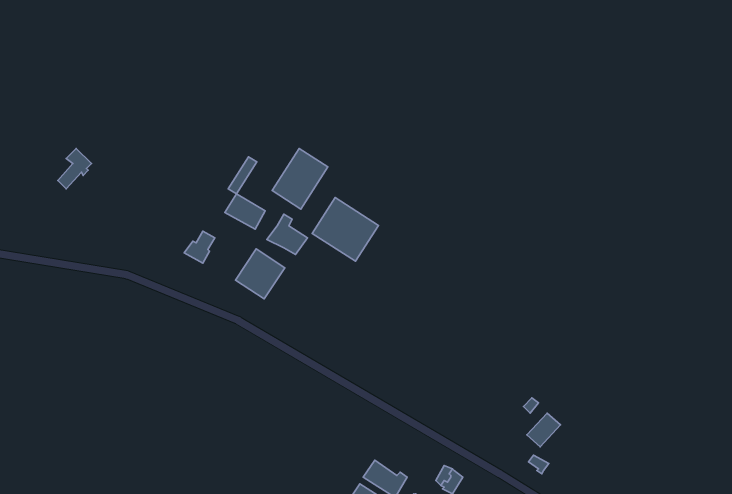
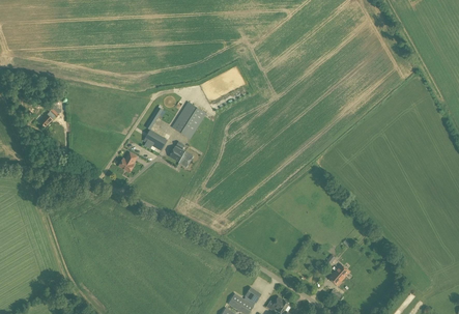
building: [312,198,378,261] -> none
building: [235,249,285,299] -> none

